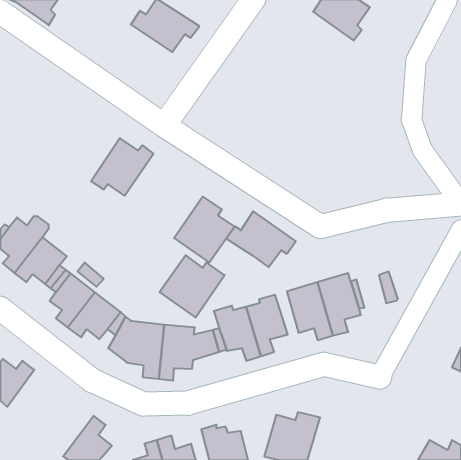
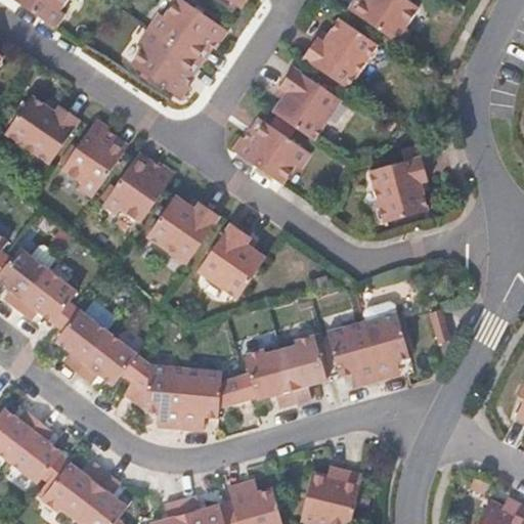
building: none -> [304,18,380,90]
building: none -> [131,28,195,98]
building: none -> [271,67,341,141]
building: none -> [7,93,81,162]
building: none -> [62,120,126,198]
building: none -> [367,157,428,224]
building: [226,211,296,267] -> [232,121,311,184]
building: [160,255,225,318] -> [146,192,220,263]
building: none -> [8,420,61,484]
building: none -> [41,462,106,518]

